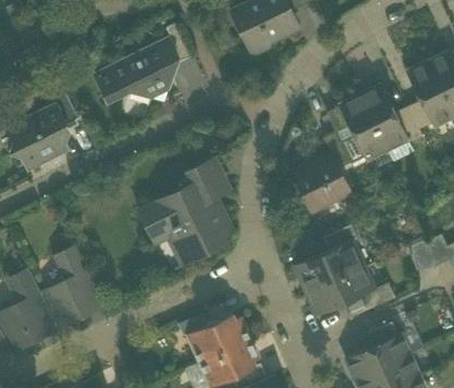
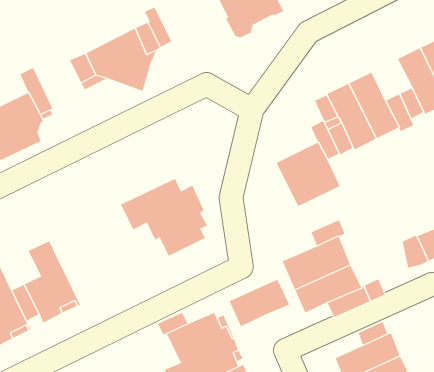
building: [188,160,224,199] -> none
building: none -> [229,279,289,327]

